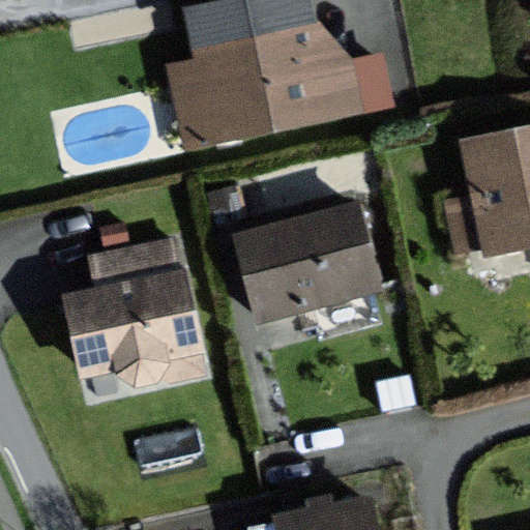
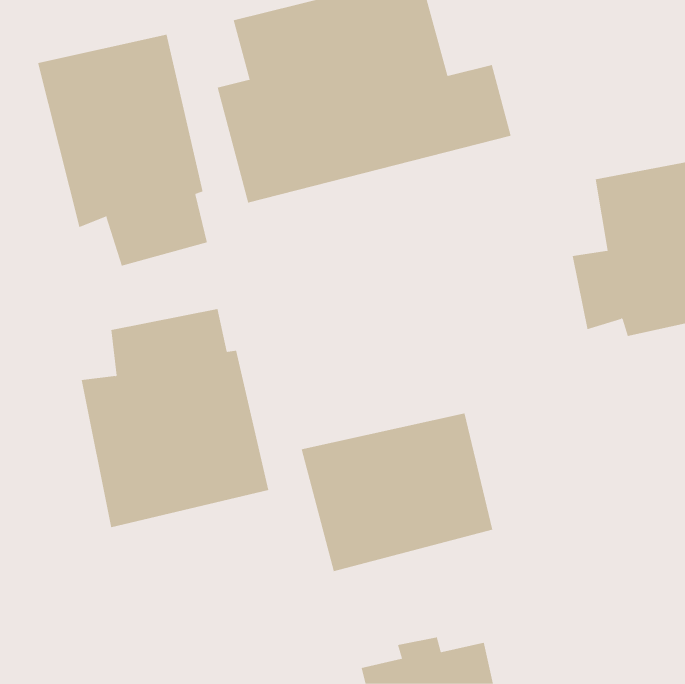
building: none -> [38,34,207,266]
building: [232,199,380,321] -> [301,413,493,572]

